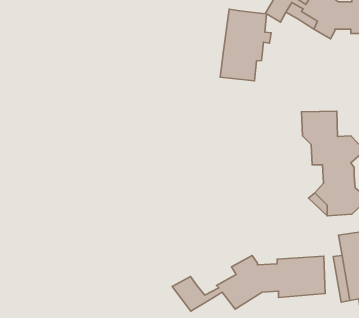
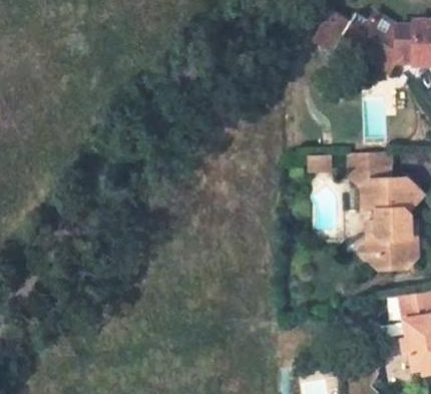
building: [220,9,271,81] -> none
building: [172,256,325,311] -> none

